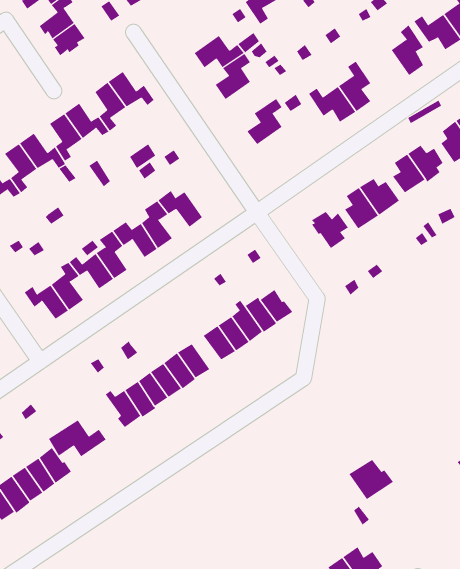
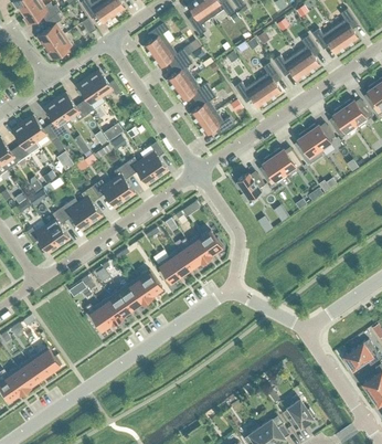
building: none -> [142,23,169,57]
building: none -> [273,55,308,82]
building: none -> [173,78,211,103]
building: none -> [197,112,234,136]
building: none -> [140,142,167,178]
building: [48,419,106,457] -> none
building: [349,459,394,500] -> [282,401,315,431]

